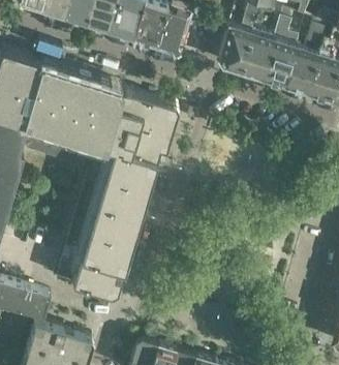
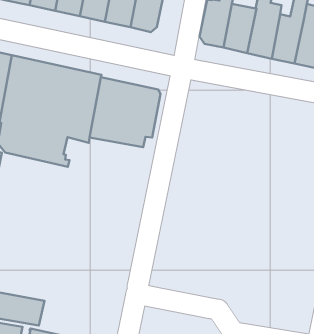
building: [70,147,157,298] -> none

